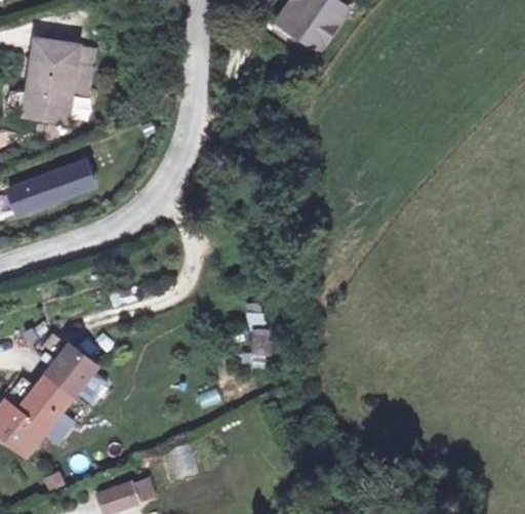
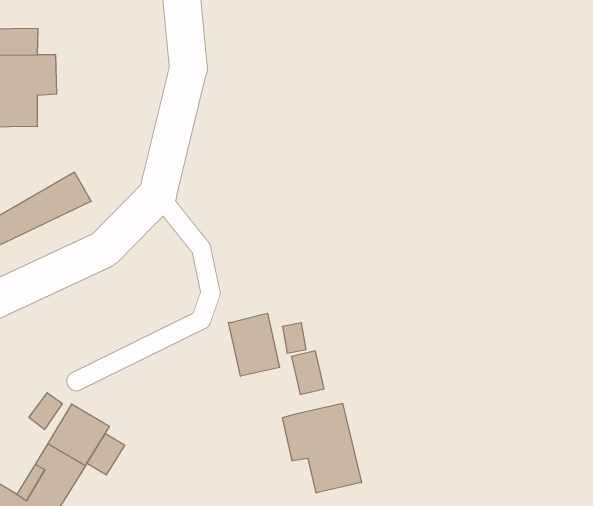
building: none -> [228,313,280,376]
building: none -> [283,403,361,493]

